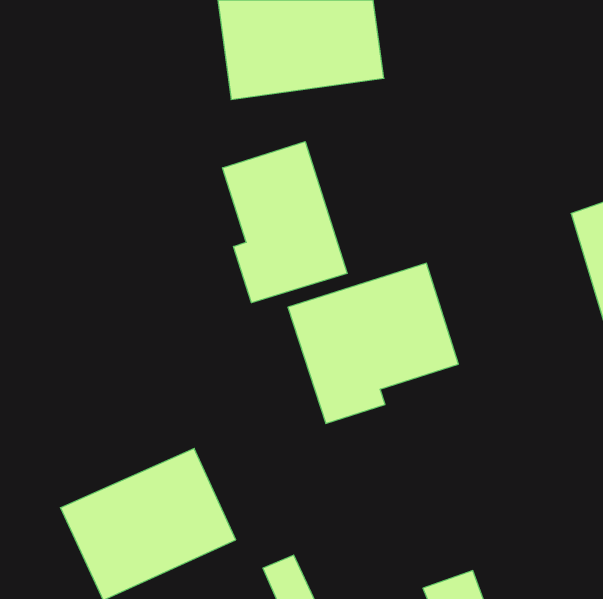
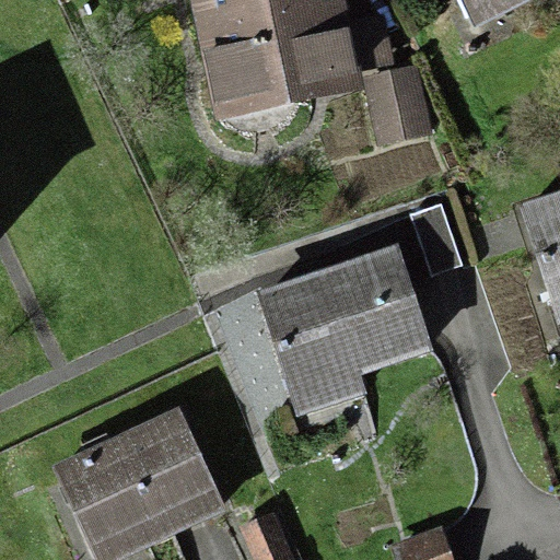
building: none -> [365,71,429,145]
building: [223,142,347,303] -> none

